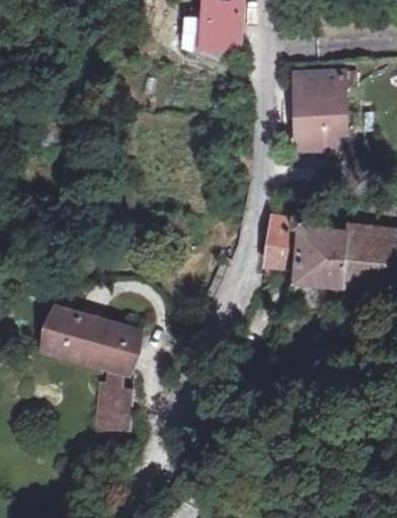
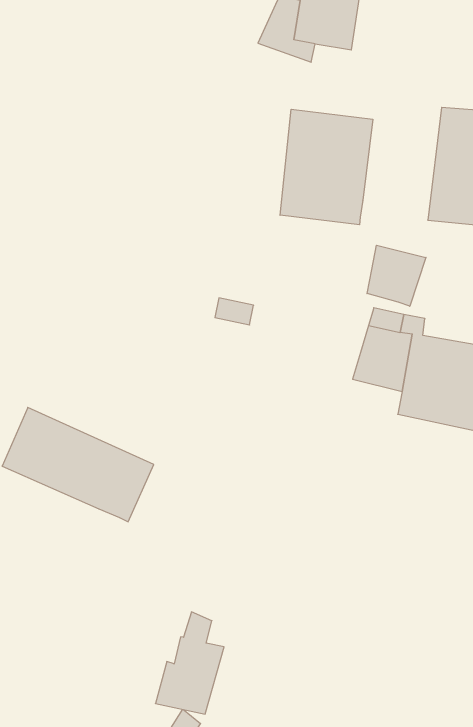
building: none -> [280,109,373,225]
building: none -> [367,245,426,306]
building: [90,366,131,432] -> [155,612,224,714]

